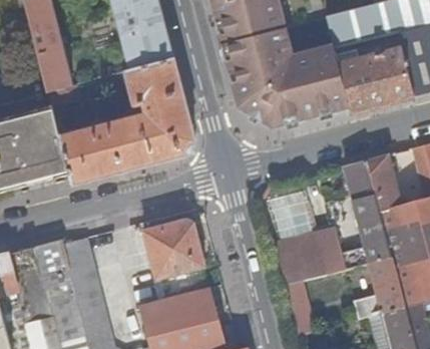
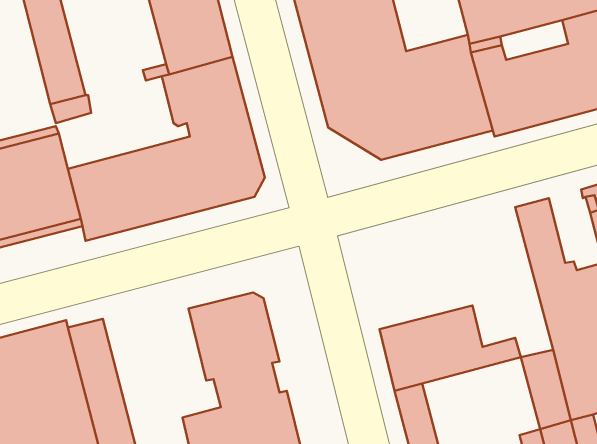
building: [343,160,391,263] -> none

